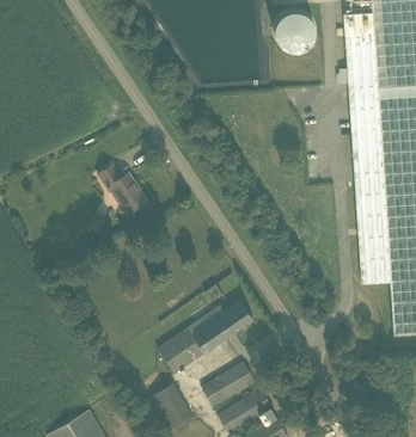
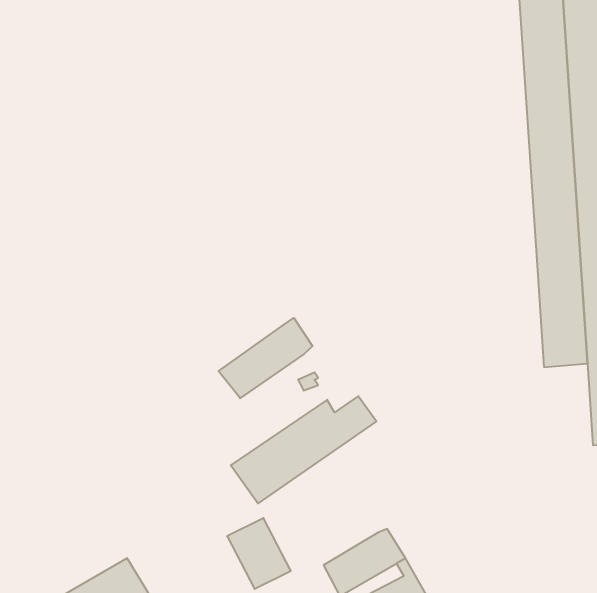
building: [98,165,147,211] -> none
building: none -> [219,318,312,398]
building: [202,361,261,406] -> none

